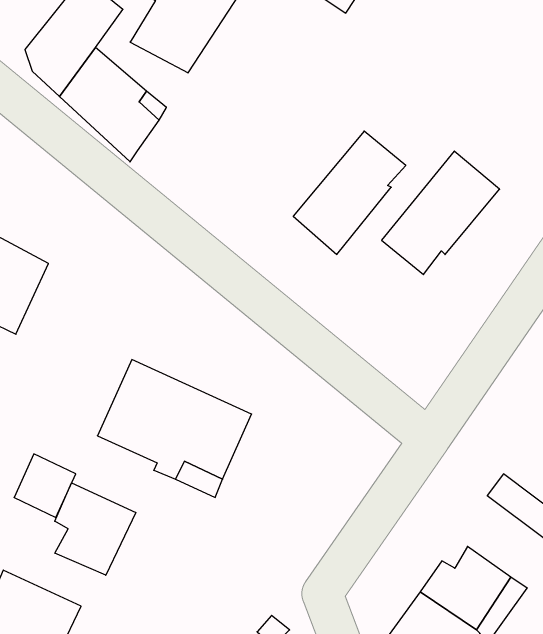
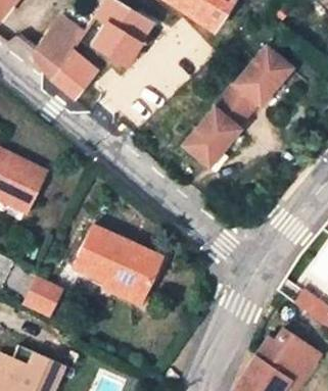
building: [382,151,500,275] -> [224,47,290,116]
building: [55,483,136,575] -> none

